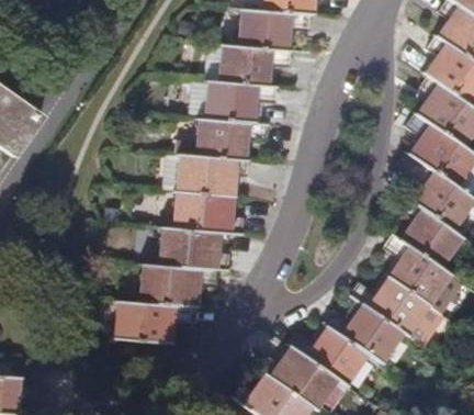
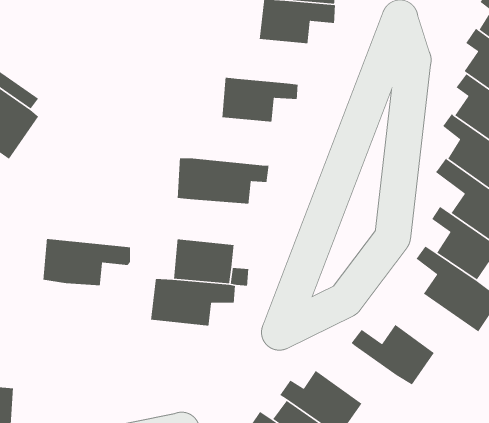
building: [219,46,291,87] -> none
building: [177,119,268,161] -> none
building: [173,193,242,236] -> none
building: [348,279,426,335] -> none
building: [116,301,196,345] -> [43,238,131,286]
building: [289,327,364,385] -> none

